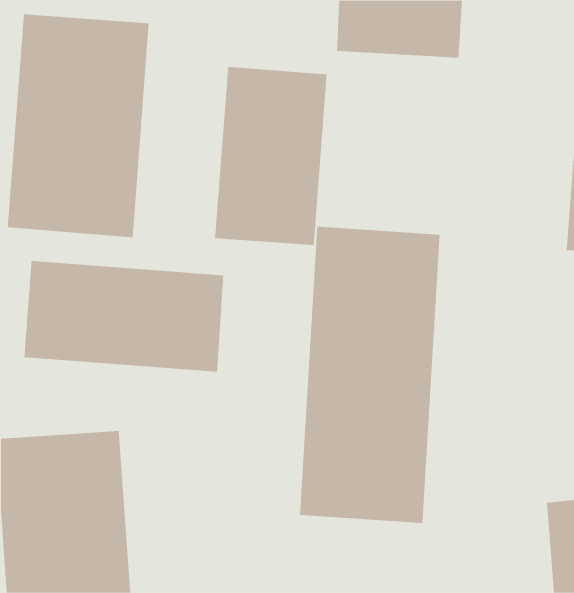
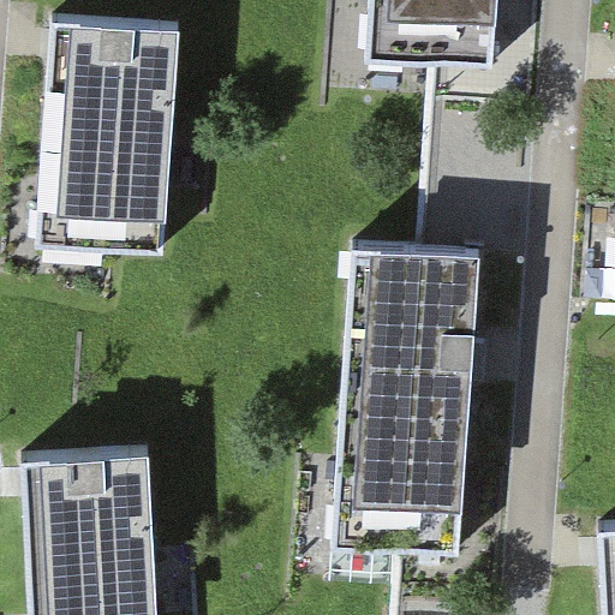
building: [215,66,327,246] -> none
building: [24,260,224,372] -> none

